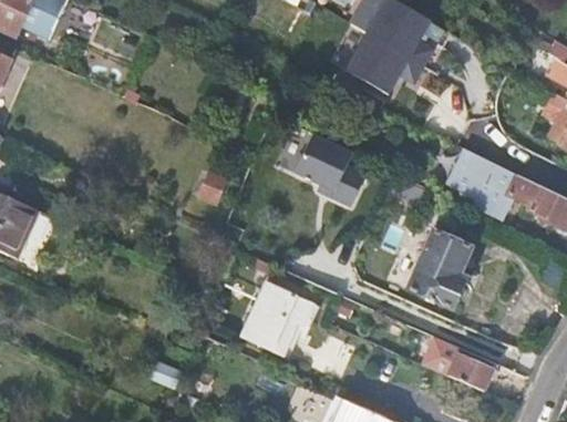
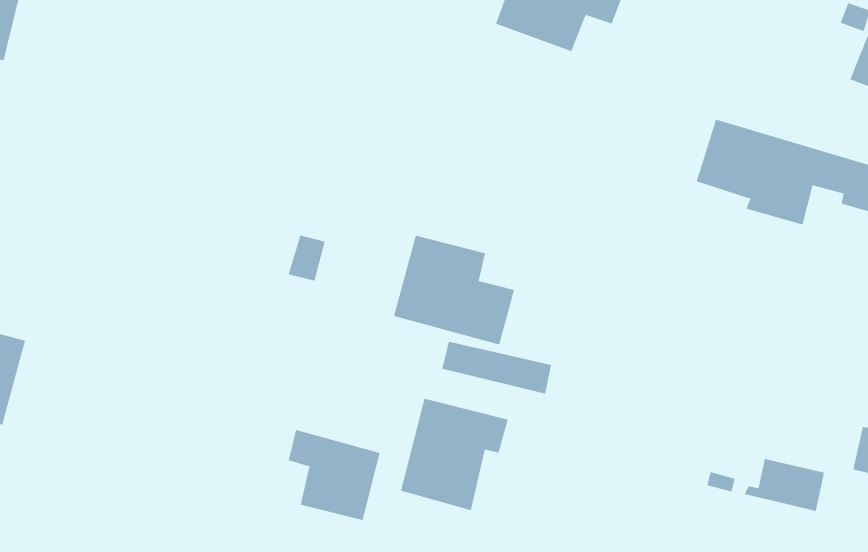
building: [296,131,370,204] -> [393,235,515,345]
building: [409,229,472,307] -> none
building: none -> [288,429,380,521]

